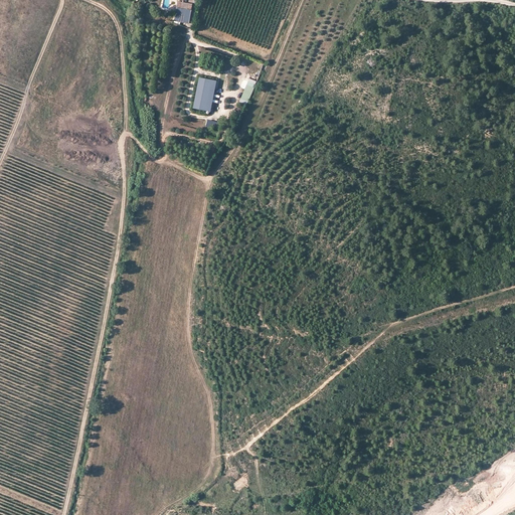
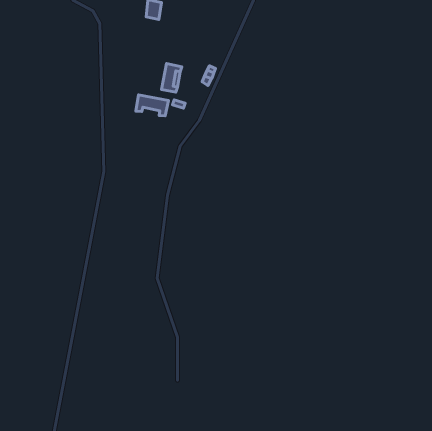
building: none -> [136,95,168,116]

